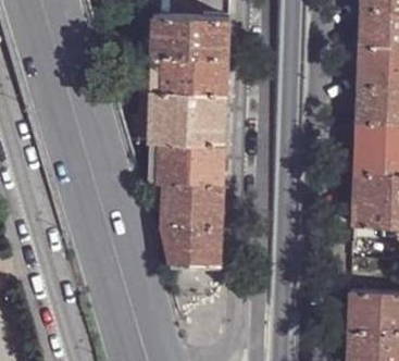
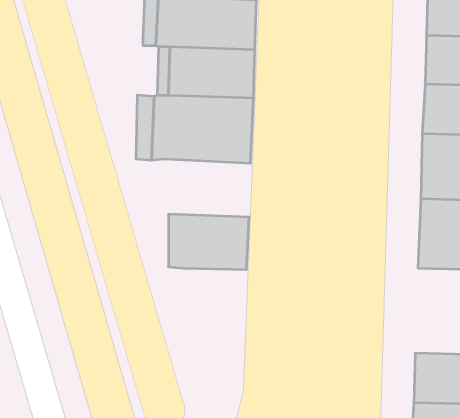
building: [158,141,225,186] -> none
building: [171,225,222,267] -> none

